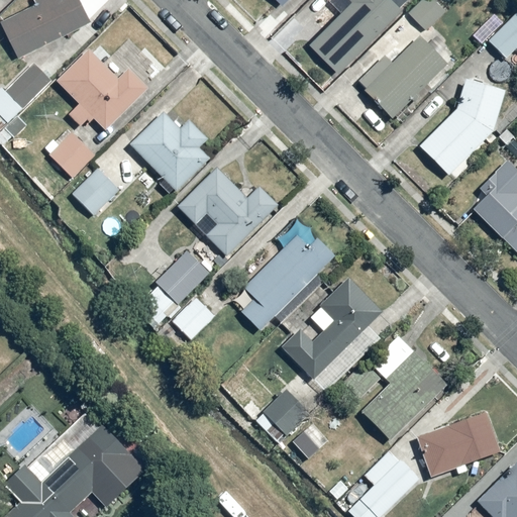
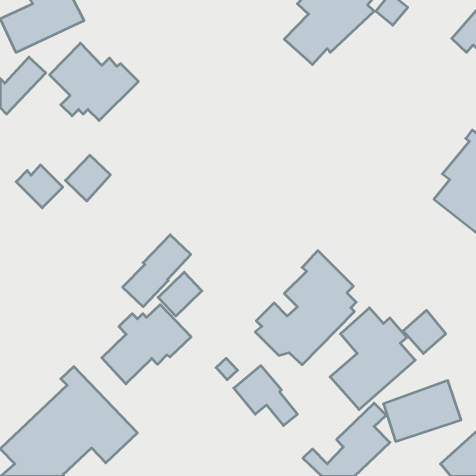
building: [355,35,449,121] -> none
building: [419,78,506,176] -> none
building: [130,110,212,193] -> none
building: [44,131,95,178] -> [16,165,63,208]
building: [176,166,282,257] -> none
building: [235,214,339,330] -> none
building: none -> [102,305,191,384]
building: none -> [403,310,446,354]

